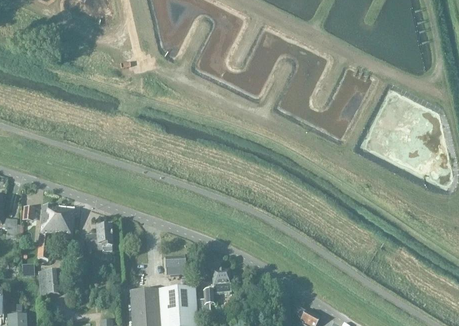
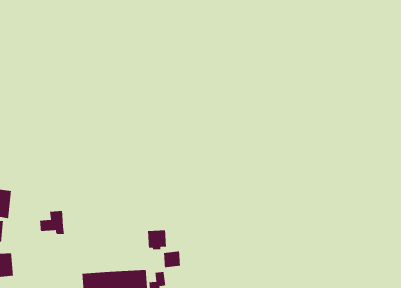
building: [56,206,75,237] -> none
building: [166,255,186,276] -> [147,230,167,250]

